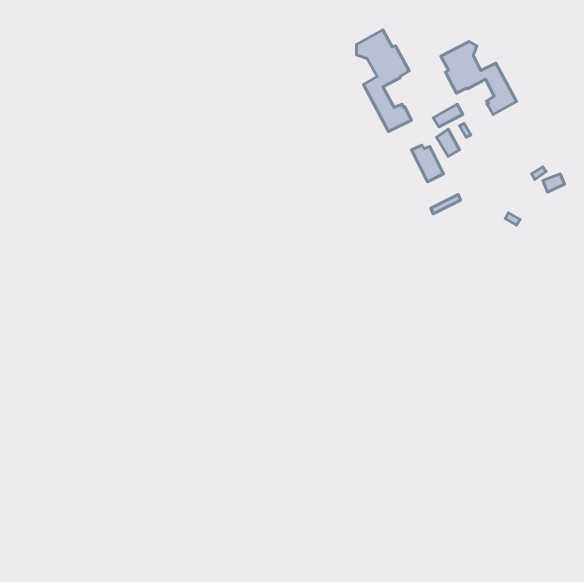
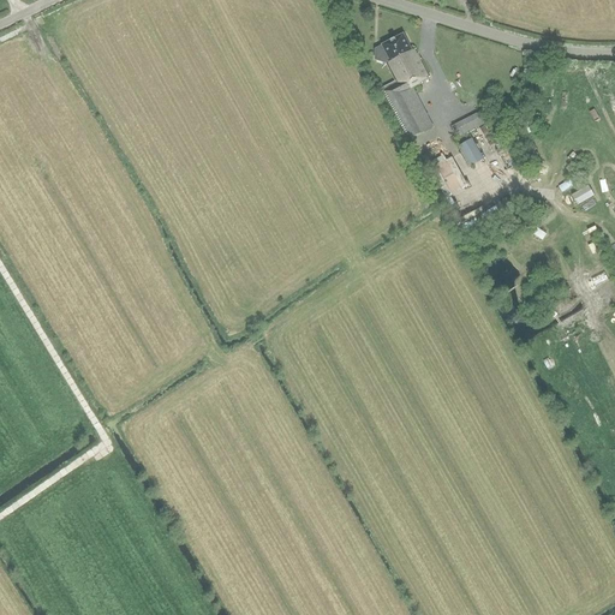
building: [441,42,516,115] -> none

